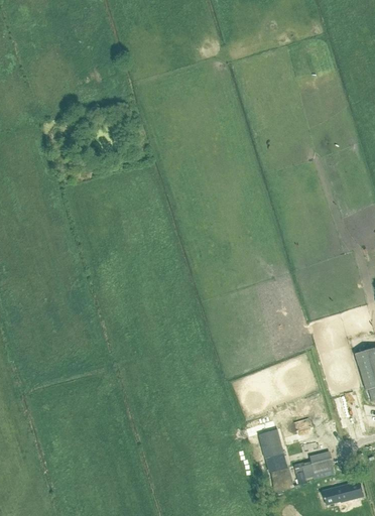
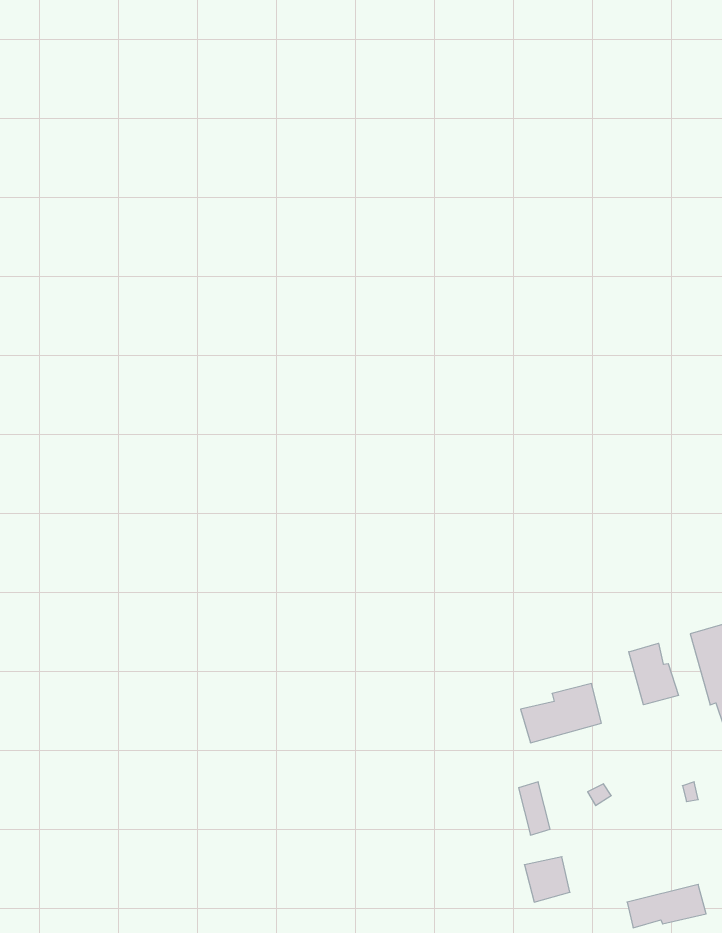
building: none -> [629,643,678,705]
building: [293,452,335,482] -> [521,684,601,743]

